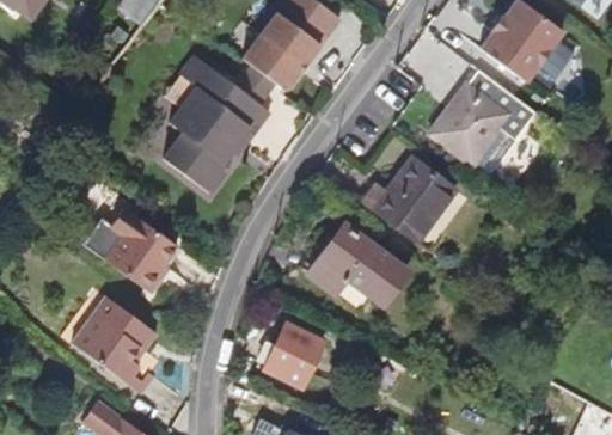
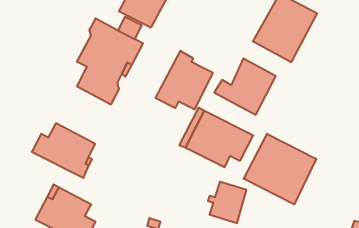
building: none -> [156,51,213,109]
building: none -> [244,134,316,204]
building: [264,323,324,387] -> [208,182,246,223]

